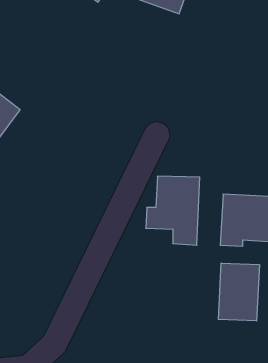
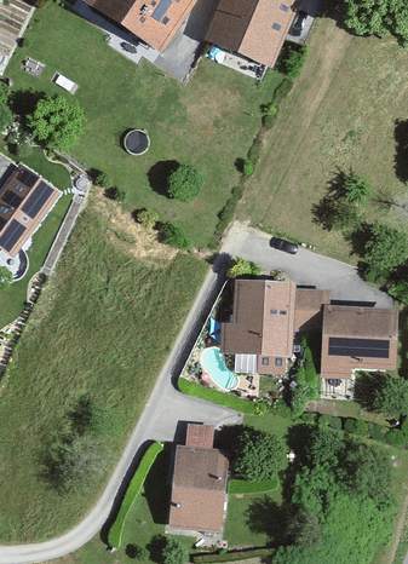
building: [218,263,259,321] -> none
building: none -> [167,442,226,529]

